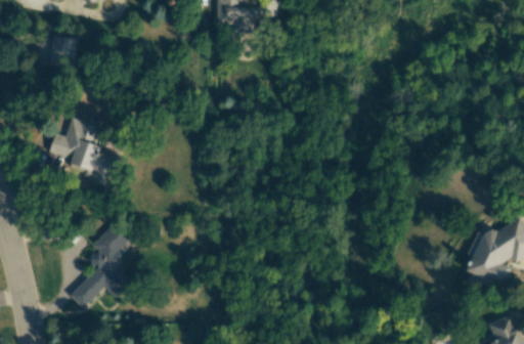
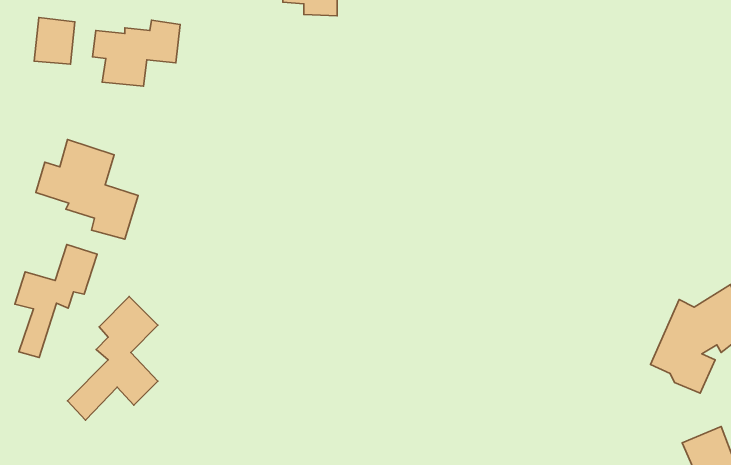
building: none -> [93,20,180,86]
building: none -> [15,244,97,357]

